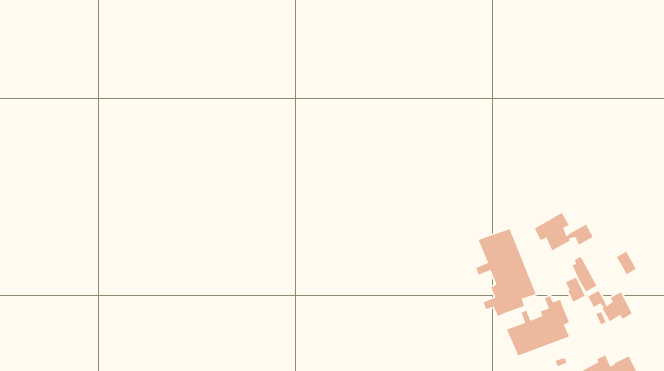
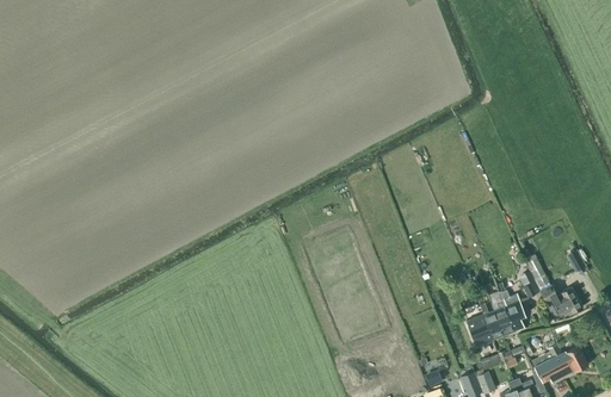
building: [534,212,594,251] -> none
building: [475,228,537,317] -> none

